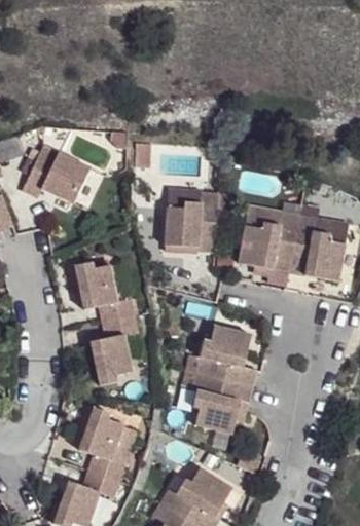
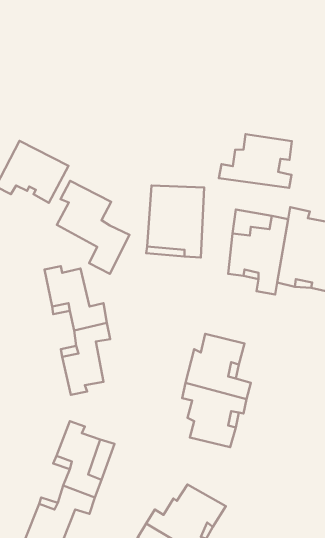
building: none -> [219,134,292,188]
building: none -> [57,181,129,274]

